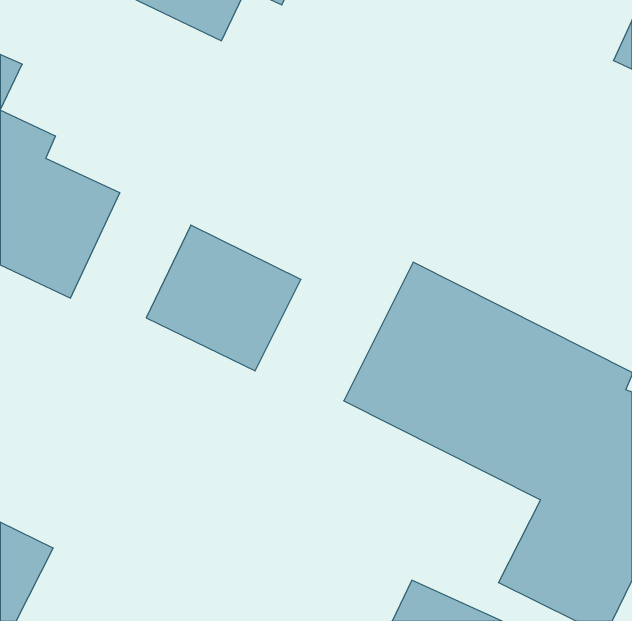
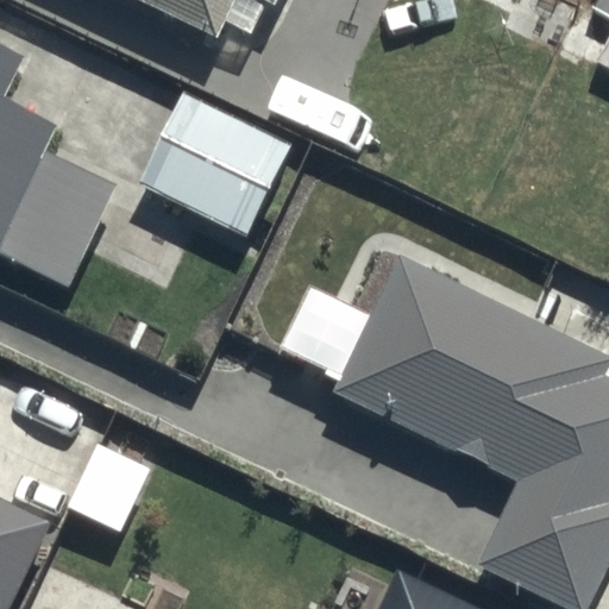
building: [146,225,301,371] -> [136,93,284,233]

